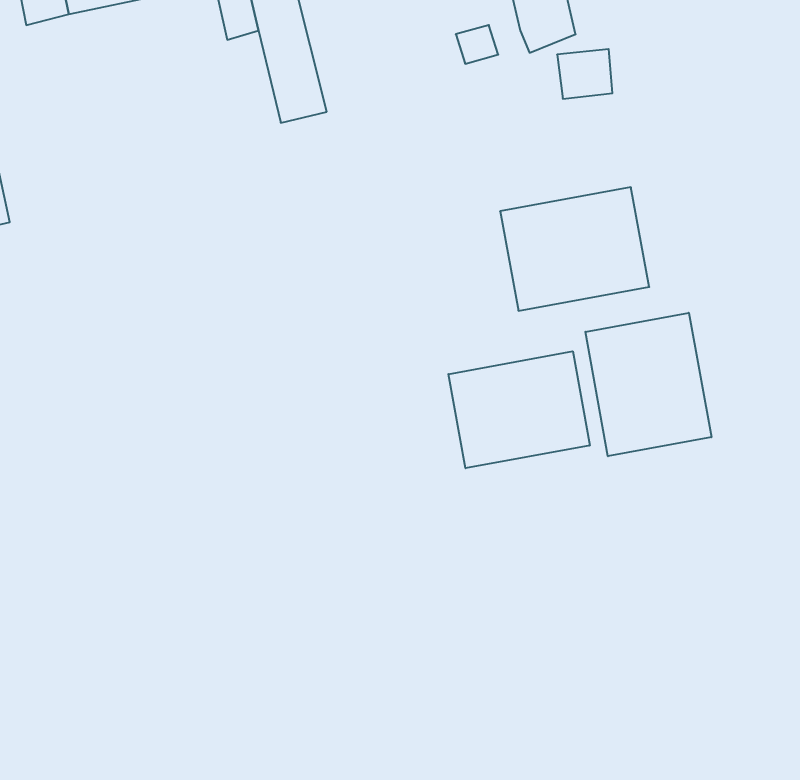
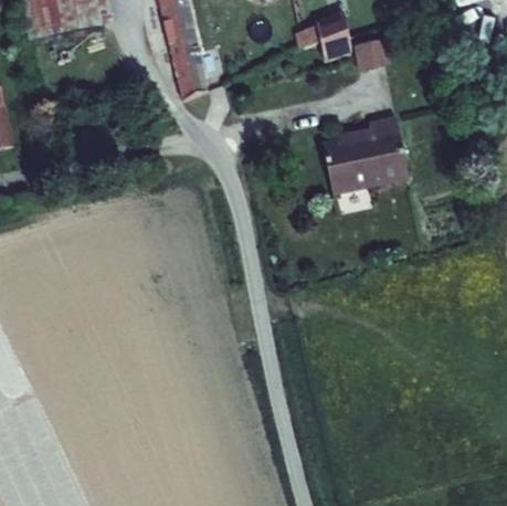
building: [585,313,711,456] -> none
building: [448,351,590,468] -> none

